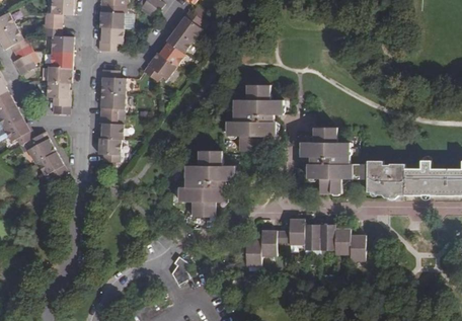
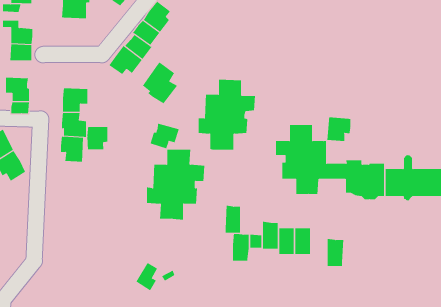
building: [99,26,124,50] -> none
building: [47,66,72,83] -> none
building: none -> [142,61,178,104]
building: [101,69,126,93] -> none
building: none -> [327,117,351,142]
building: none -> [150,123,180,149]
building: none -> [87,126,108,150]
building: [334,228,350,254] -> none
building: [245,239,260,265] -> [225,205,241,233]

